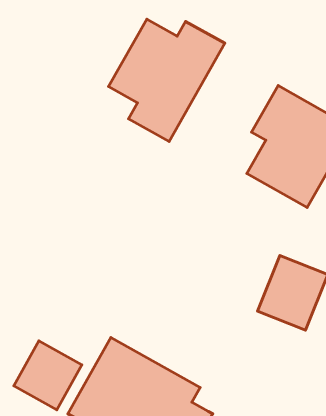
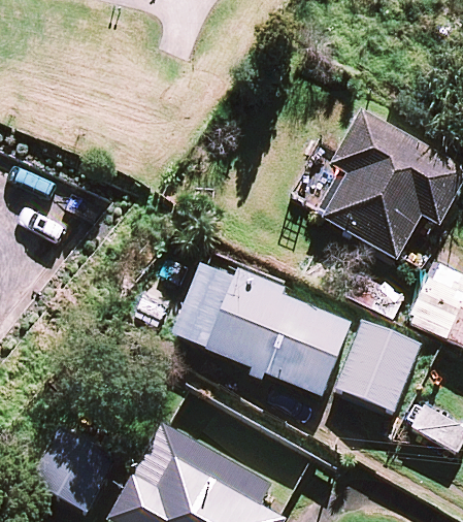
building: [108,19,225,141] -> none
building: none -> [174,264,351,393]

